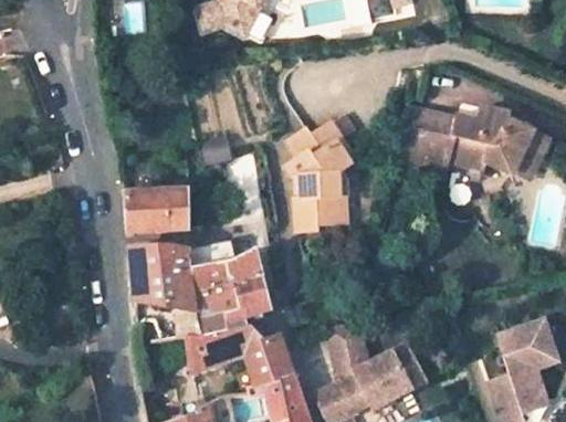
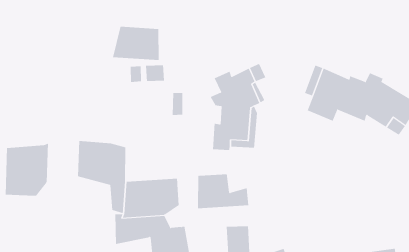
building: [127,188,187,233] -> [112,26,159,61]
building: [190,241,261,291] -> [197,174,249,209]
building: none -> [5,143,49,196]

